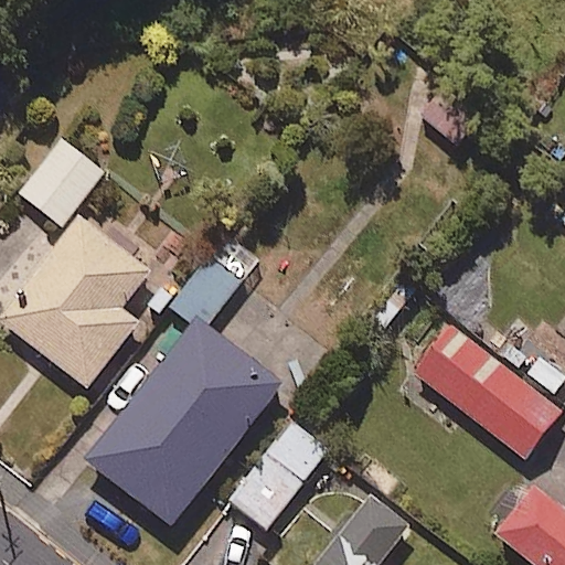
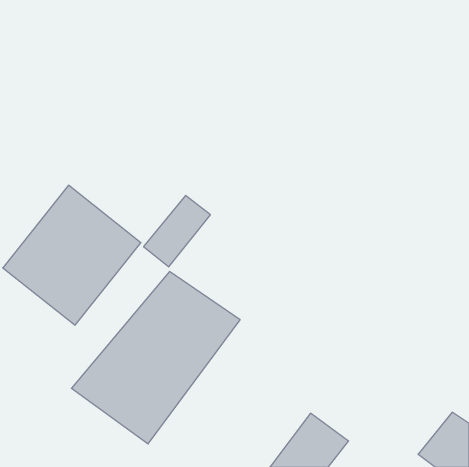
building: [13,135,97,222] -> none
building: [402,317,554,452] -> none
building: [223,417,321,523] -> none

